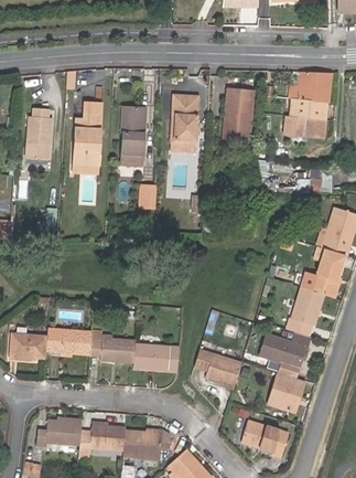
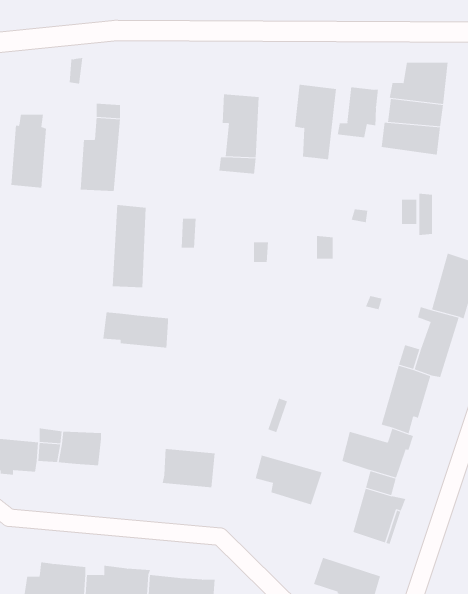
building: none -> [337,87,379,138]
building: [122,105,147,163] -> [112,204,146,288]
building: [88,336,134,361] -> [103,312,169,348]

